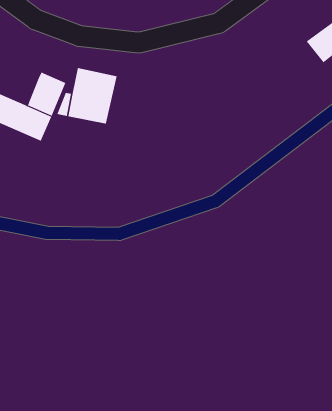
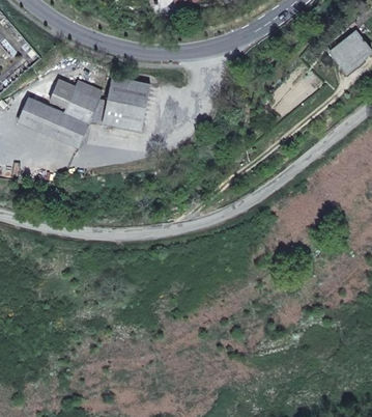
building: none -> [50,79,75,107]

